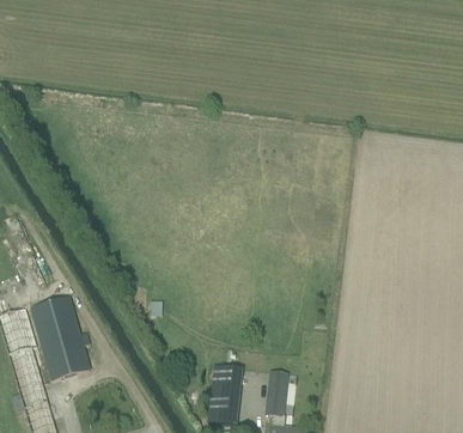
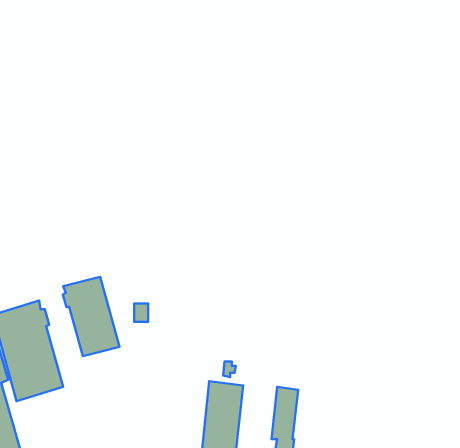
building: none -> [63,277,120,356]

